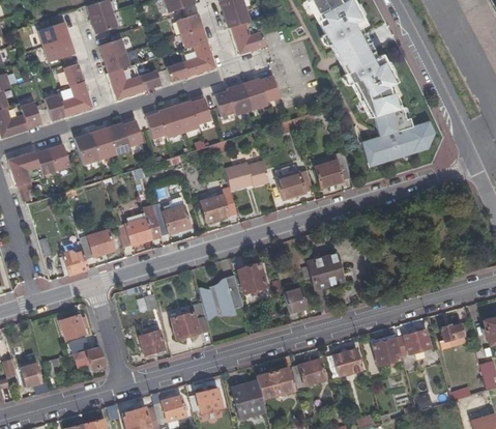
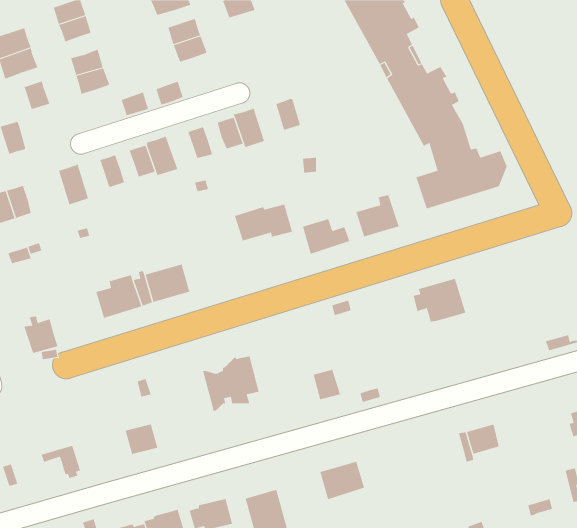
building: [227,23,262,55] -> none
building: [181,41,212,76] -> none
building: [106,69,141,99] -> none
building: [240,79,264,110] -> none
building: [59,81,90,116] -> none
building: [172,101,197,132] -> none
building: [104,122,128,154] -> none
building: [72,133,96,165] -> none
building: [201,195,230,222] -> none
building: [79,230,114,259] -> none
building: [303,254,345,288] -> [413,278,466,322]
building: [240,263,269,293] -> none
building: [175,312,211,338] -> none
building: [61,315,86,339] -> none
building: [442,322,473,348] -> none
building: [372,336,402,366] -> none
building: [327,348,363,378] -> none
building: [257,368,294,399] -> none

